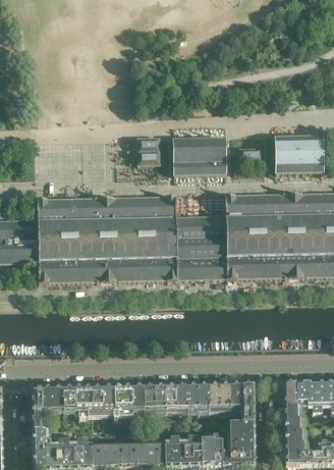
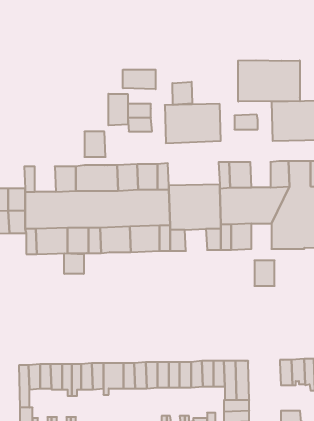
building: none -> [238,60,300,102]
building: none -> [123,70,156,89]
building: none -> [172,82,192,105]
building: none -> [108,94,128,125]
building: [255,192,274,216] -> none
building: [47,196,67,220] -> [84,132,106,157]
building: [256,251,275,275] -> [254,260,275,286]
building: [191,256,213,277] -> none
building: none -> [64,253,84,274]
building: [284,407,300,431] -> none

